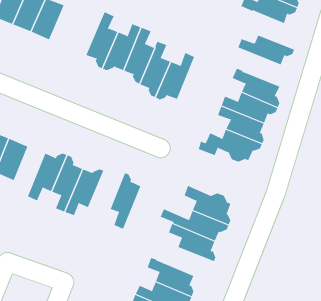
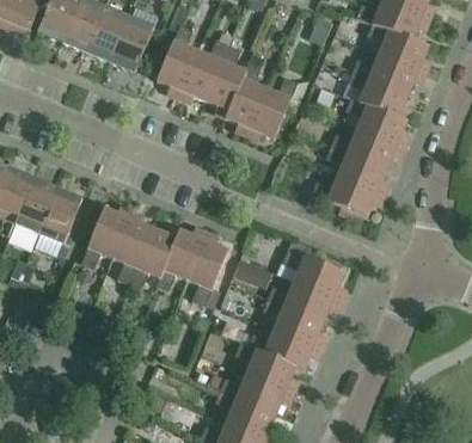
building: none -> [109,16,152,70]
building: none -> [366,23,428,73]
building: none -> [347,70,409,121]
building: none -> [155,228,206,290]
building: none -> [247,328,321,369]

